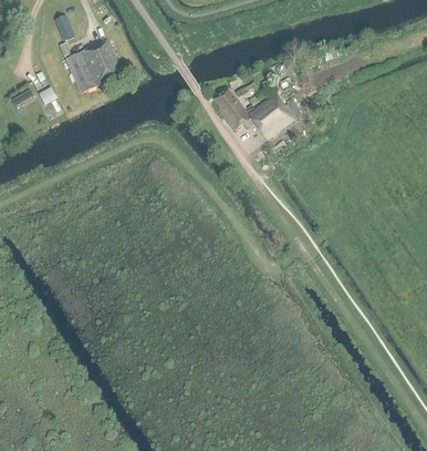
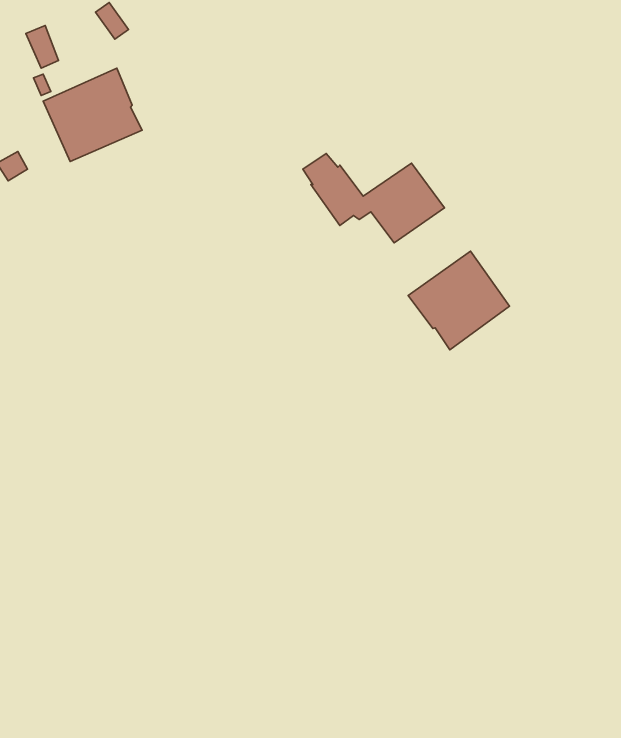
building: none -> [408,251,510,350]

